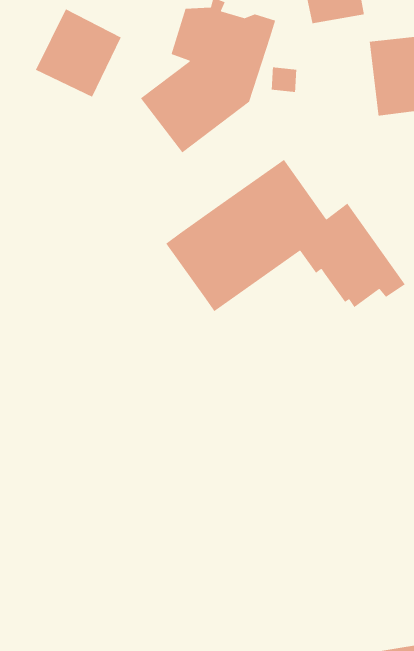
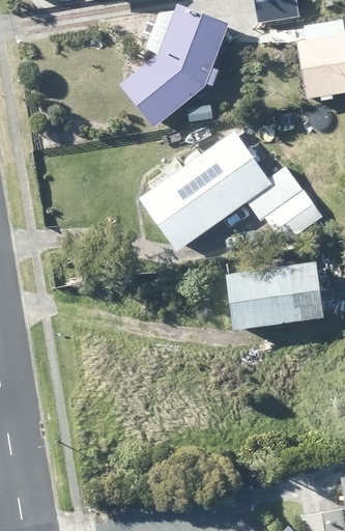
building: [35,8,122,98] -> none
building: none -> [226,260,323,330]

